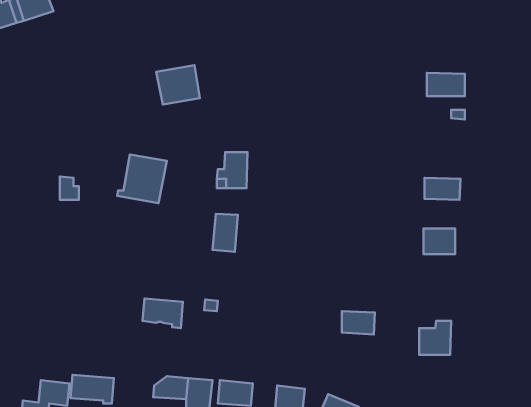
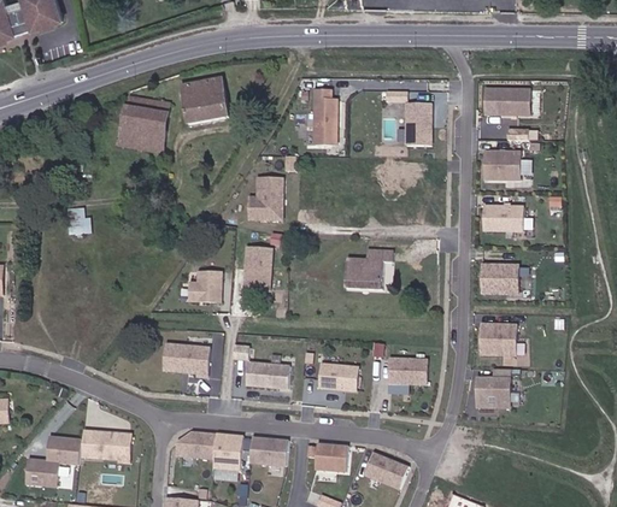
building: none -> [313,89,337,142]
building: none -> [406,101,430,145]
building: none -> [484,151,521,179]
building: [117,155,167,203] -> [112,95,169,151]
building: none -> [349,254,398,294]
building: none -> [187,271,219,301]
building: none -> [482,323,518,355]
building: none -> [245,361,288,388]
building: none -> [318,364,357,390]

